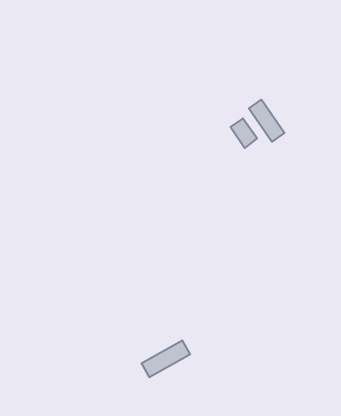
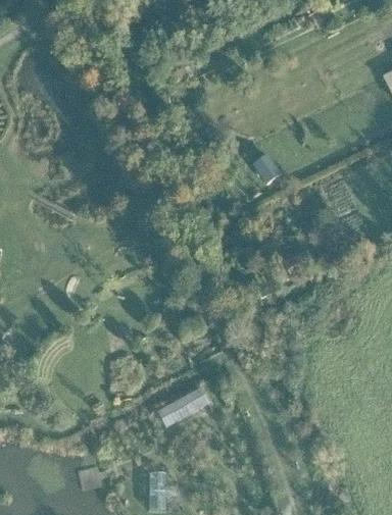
building: [249,100,285,142] -> none

